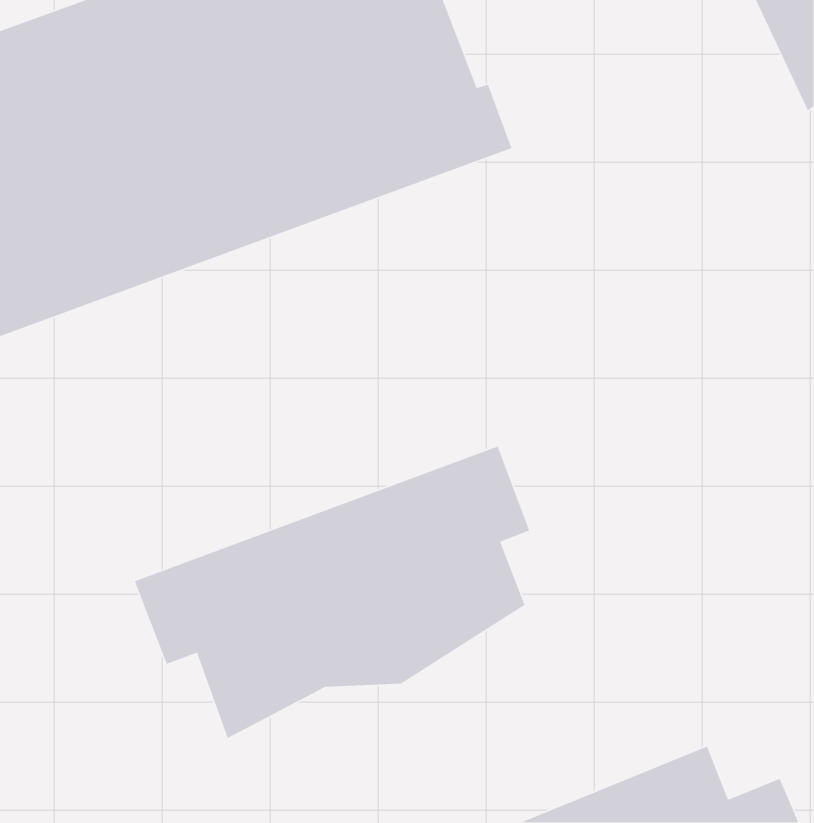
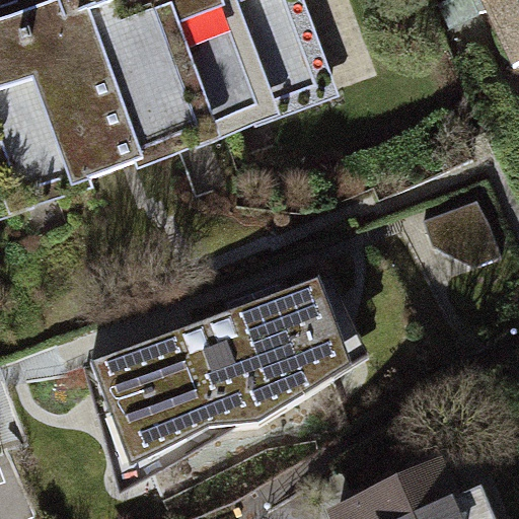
building: none -> [419,202,498,272]

